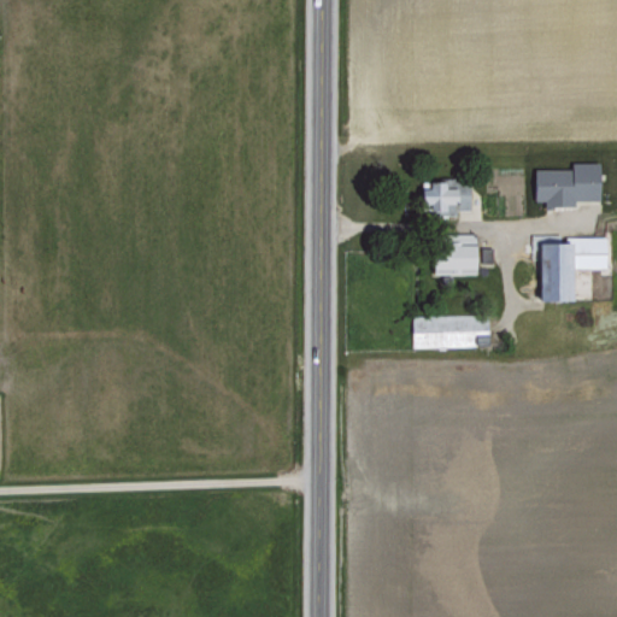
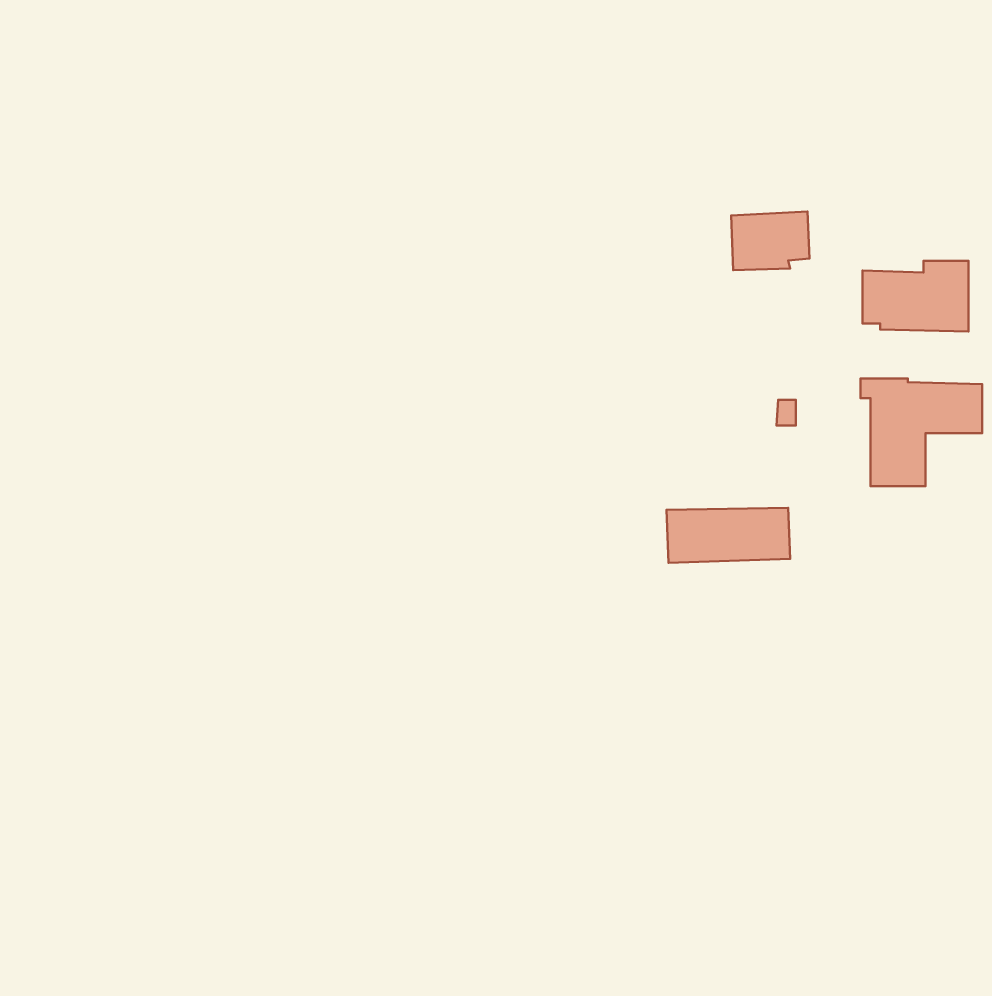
building: [424,182,472,218] -> [731,211,810,270]
building: [434,235,480,276] -> none

